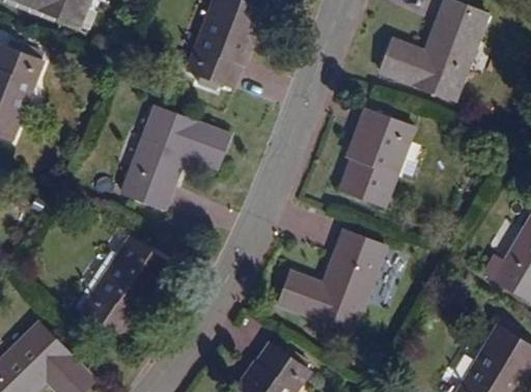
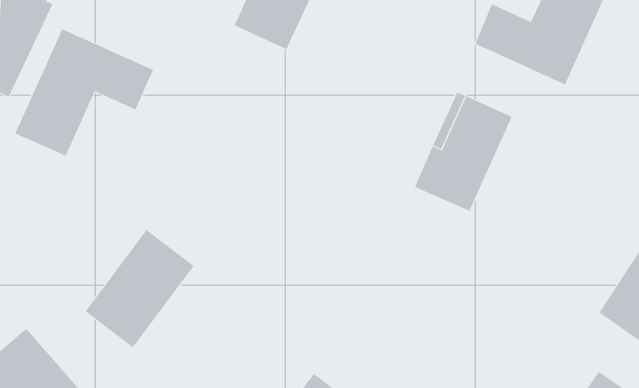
building: [121,107,229,208] -> [14,29,154,156]
building: [279,230,386,332] -> none

